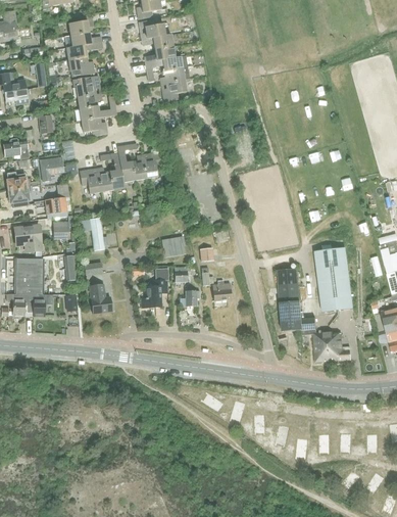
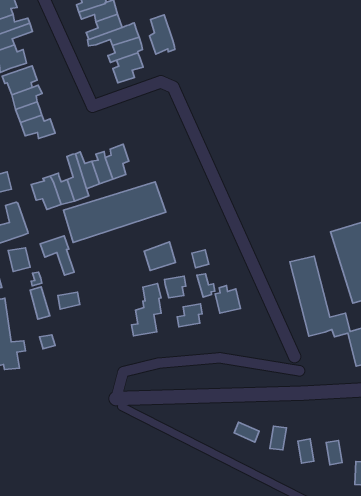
building: none -> [149,15,175,54]
building: none -> [63,182,166,242]
building: [89,283,111,314] -> none

